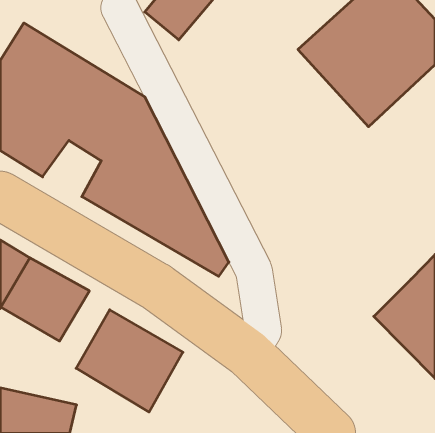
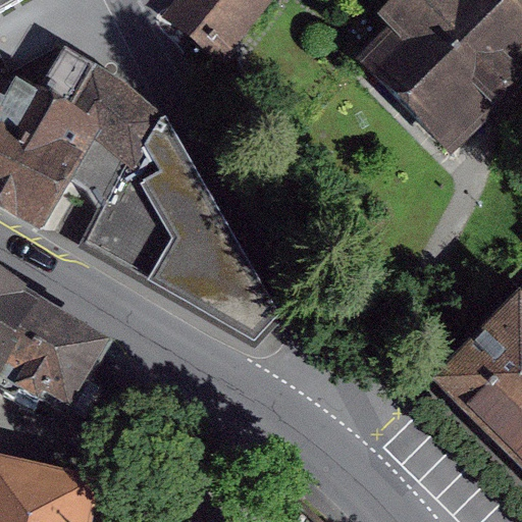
building: [76,310,183,412] -> none

